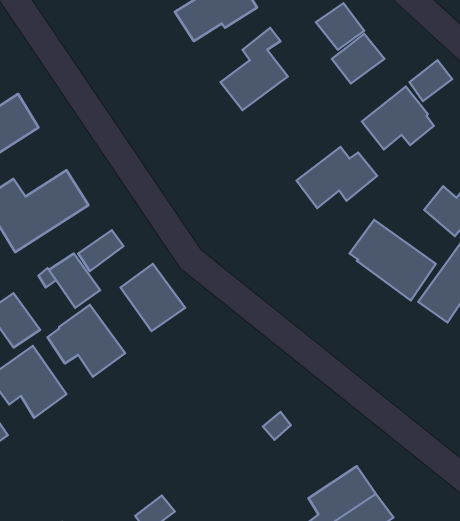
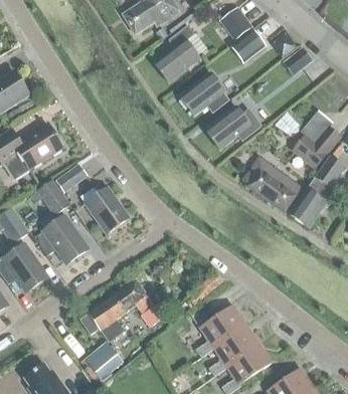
building: [362,86,434,149] -> [179,72,228,116]
building: none -> [80,277,168,341]
building: none -> [195,305,246,357]

